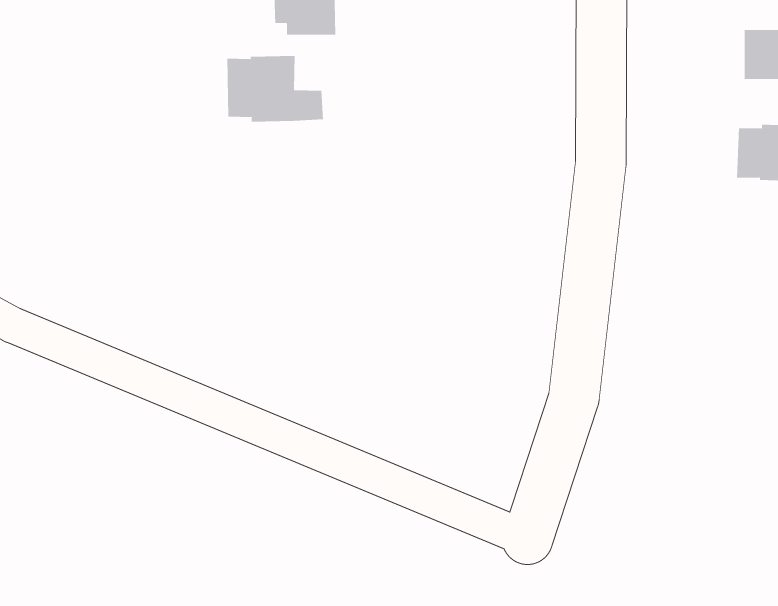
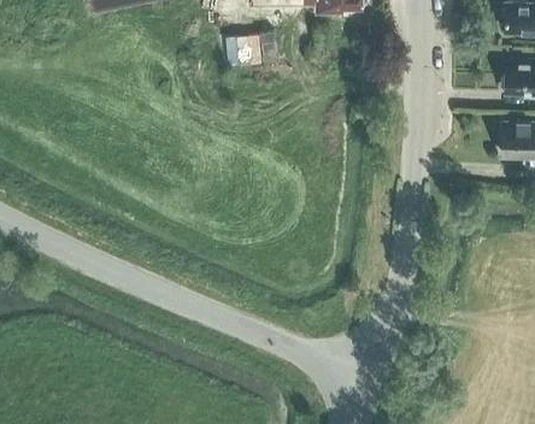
building: [227,55,323,122] -> none

